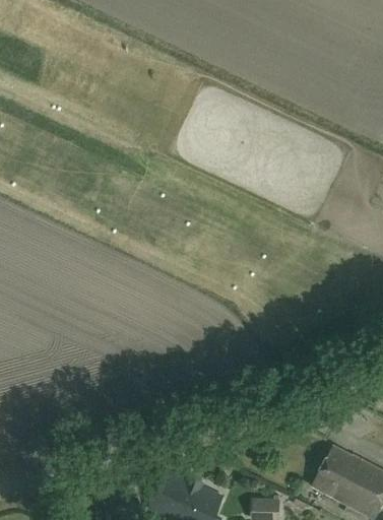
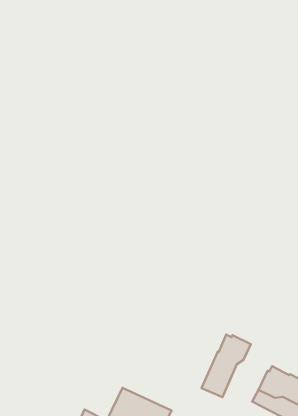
building: none -> [202,335,251,397]

